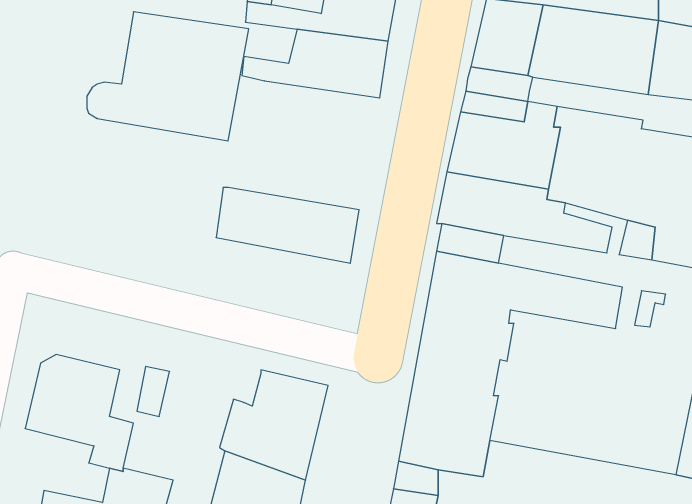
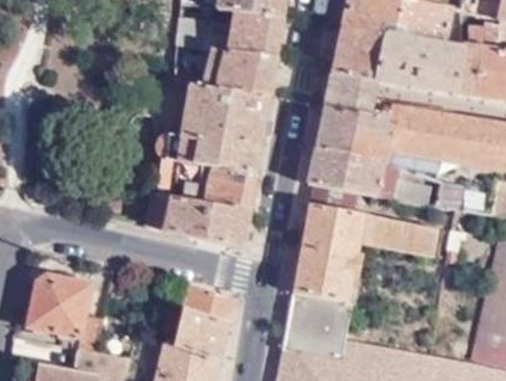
building: [87,12,249,141] -> [158,84,270,173]
building: none -> [144,192,249,247]

